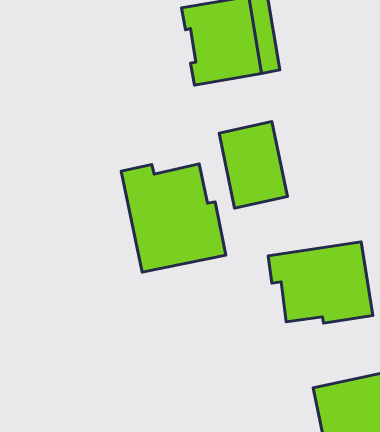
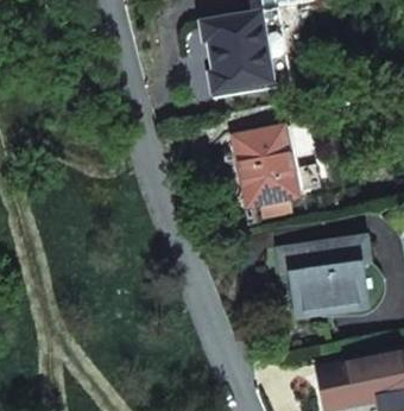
building: [121,164,226,272] -> none

